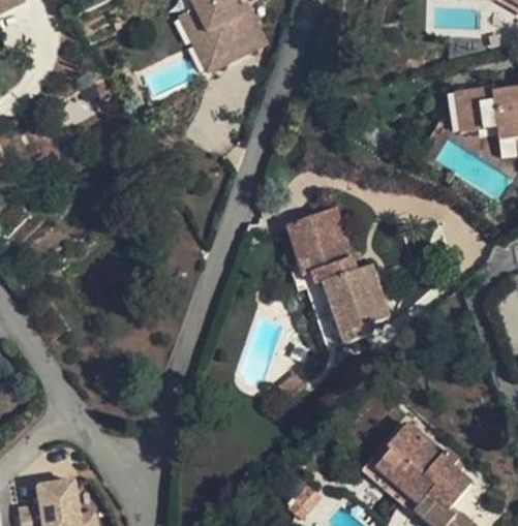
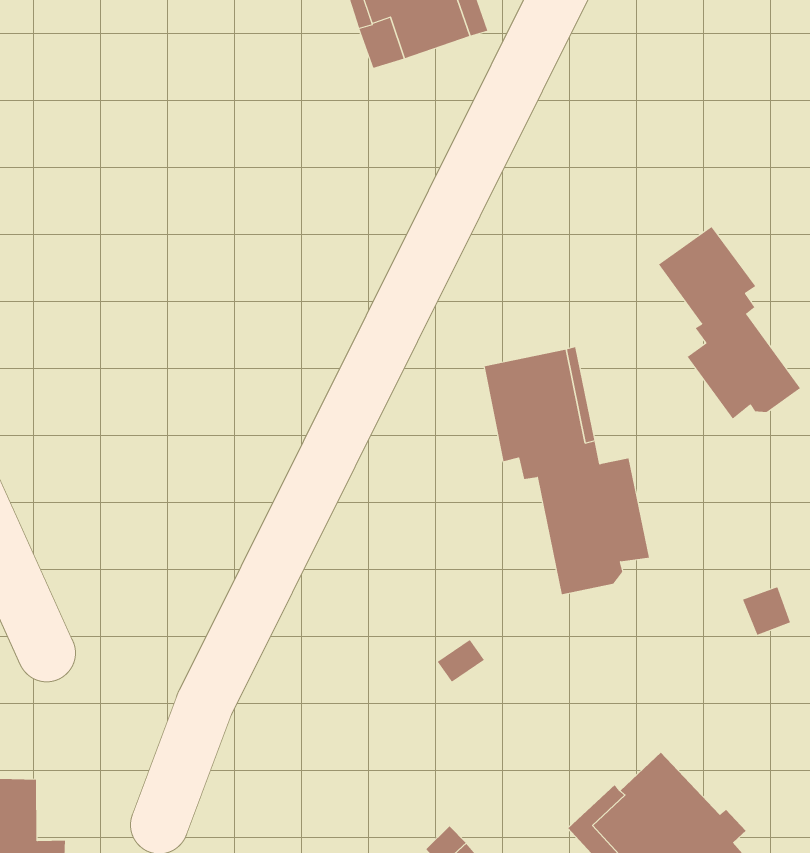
building: none -> [658,226,801,420]

